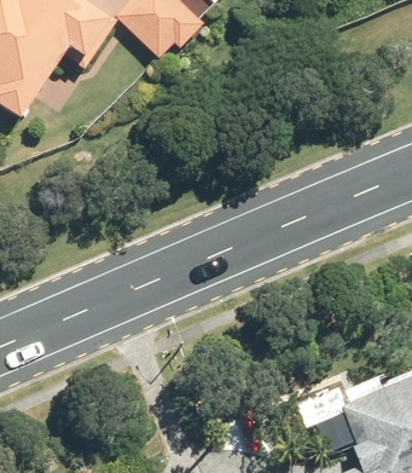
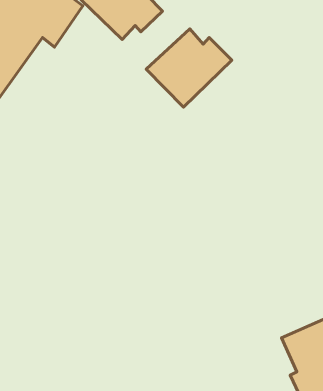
building: none -> [146,29,232,107]

